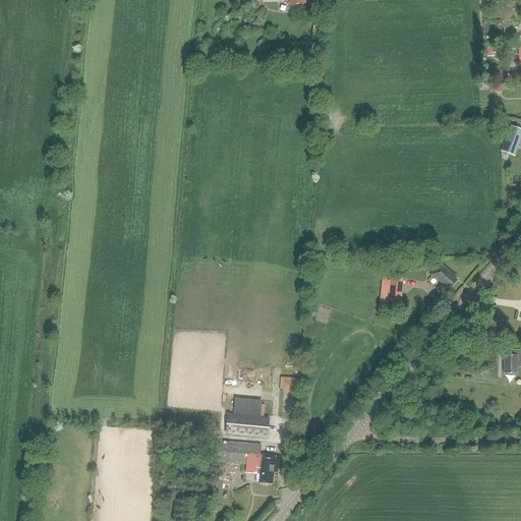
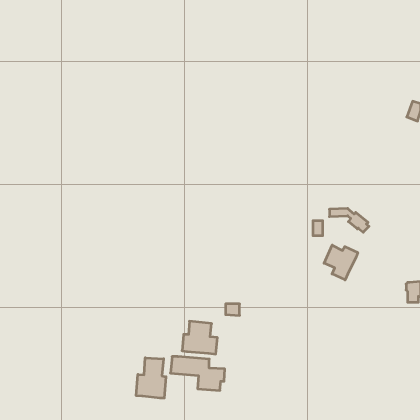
building: none -> [324,245,358,280]
building: none -> [136,358,166,398]

